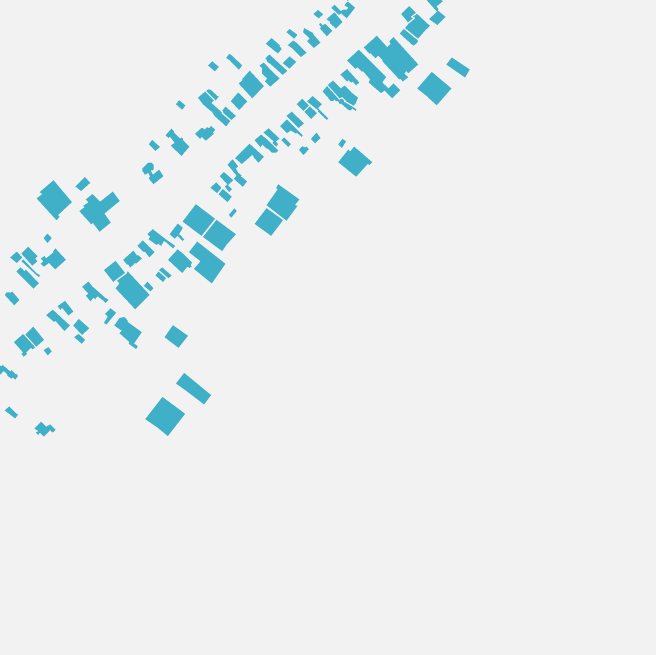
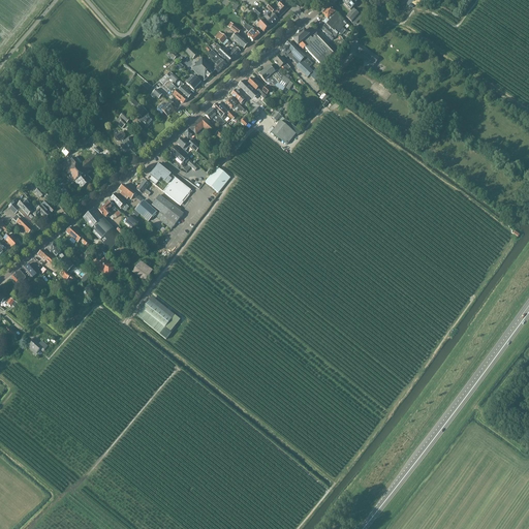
building: [416,71,453,106] -> none
building: [36,179,73,221] -> none
building: [266,183,300,222] -> none
building: [144,396,186,437] -> none

